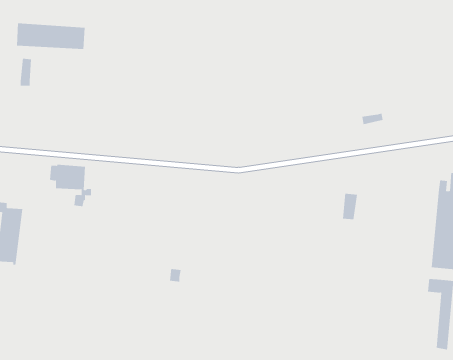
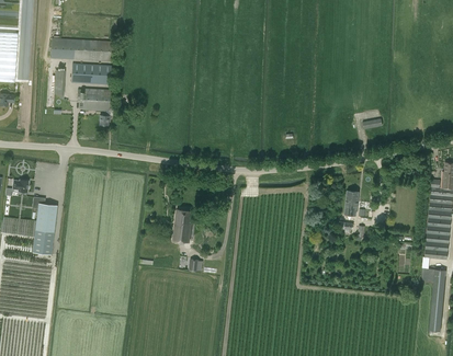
building: none -> [71,64,111,84]
building: [49,164,92,207] -> [77,88,115,126]
building: none -> [172,209,193,242]

